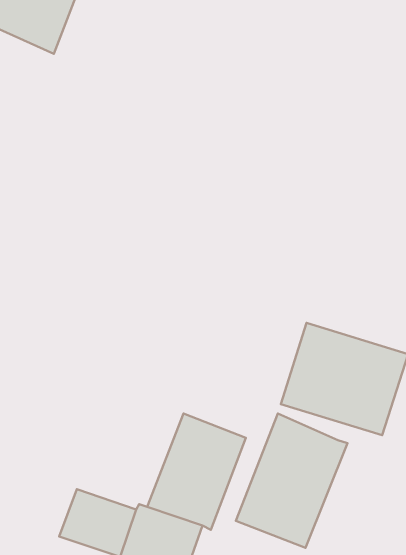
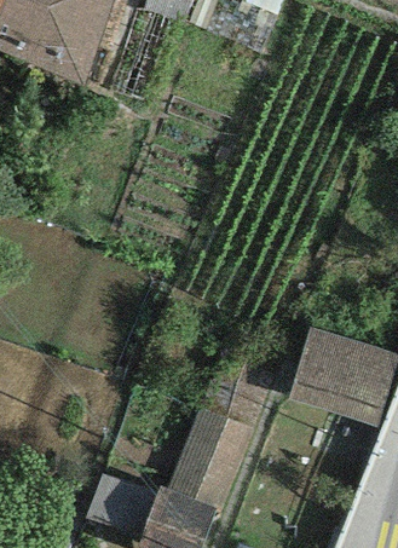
building: [236,414,348,548] -> none

